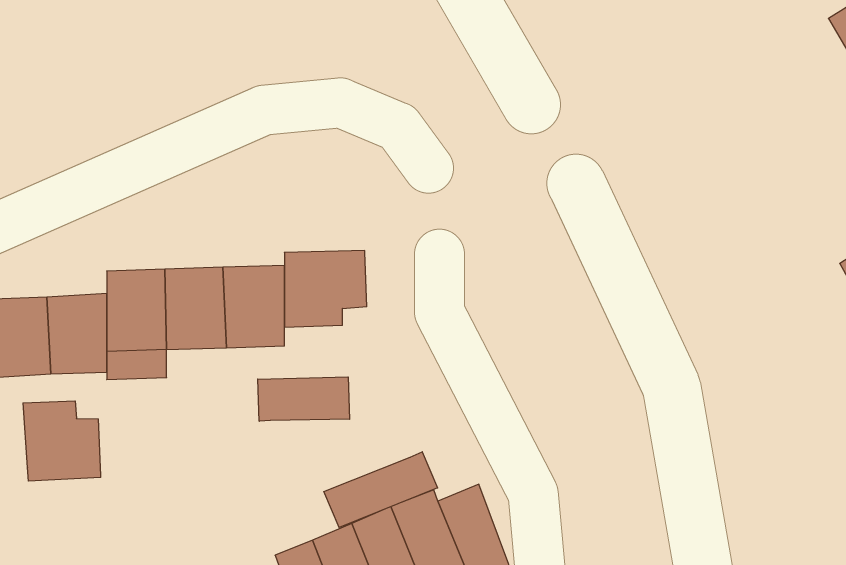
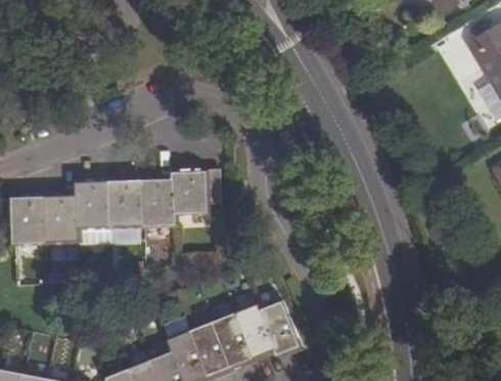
building: [258,377,350,421] -> none
building: [23,401,101,481] -> none
building: [324,452,438,528] -> none

